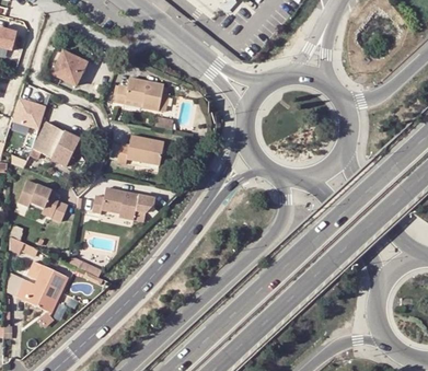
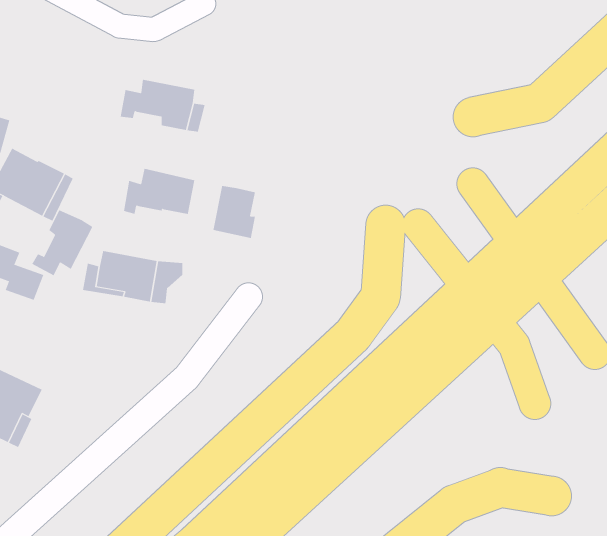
building: [50,50,88,86] -> none
building: none -> [213,185,256,239]
building: none -> [32,209,93,276]

